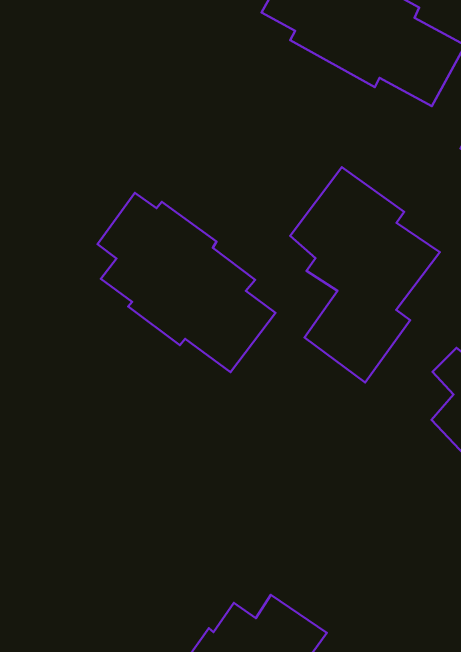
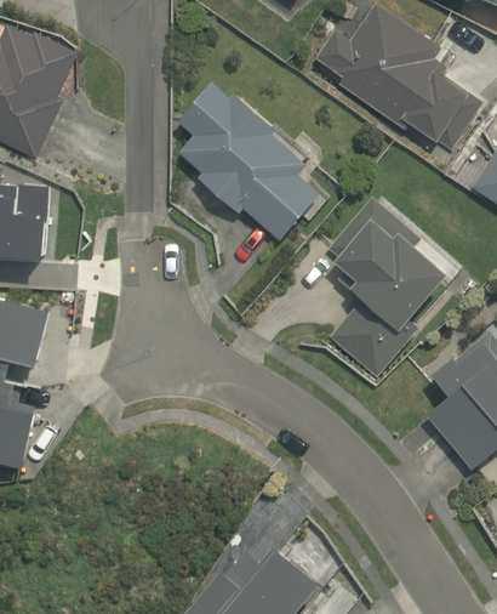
building: [98,193,276,372] -> [176,81,319,239]

